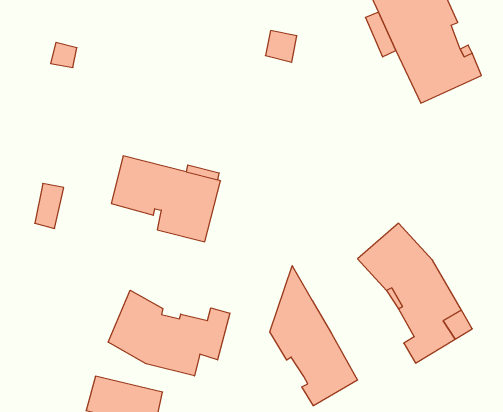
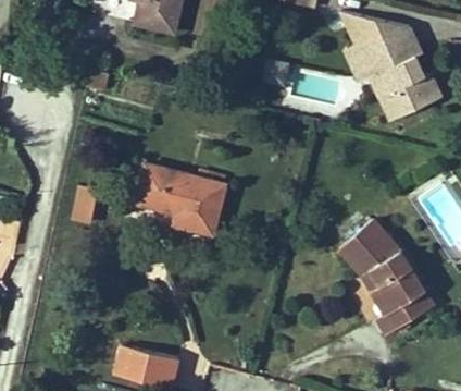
building: [270,266,358,406] -> none
building: [108,290,230,376] -> none

